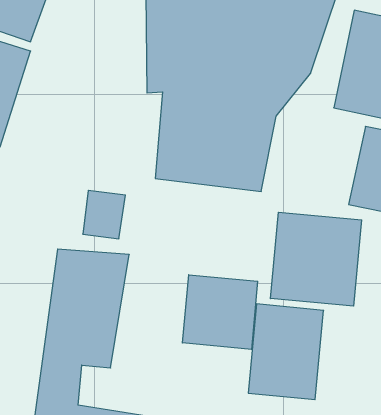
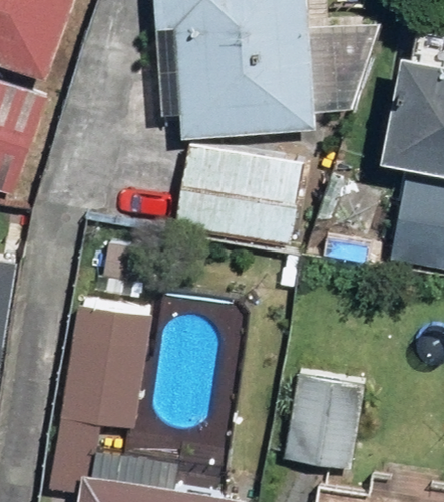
building: [270,212,362,306] -> none
building: [182,275,258,349] -> none

